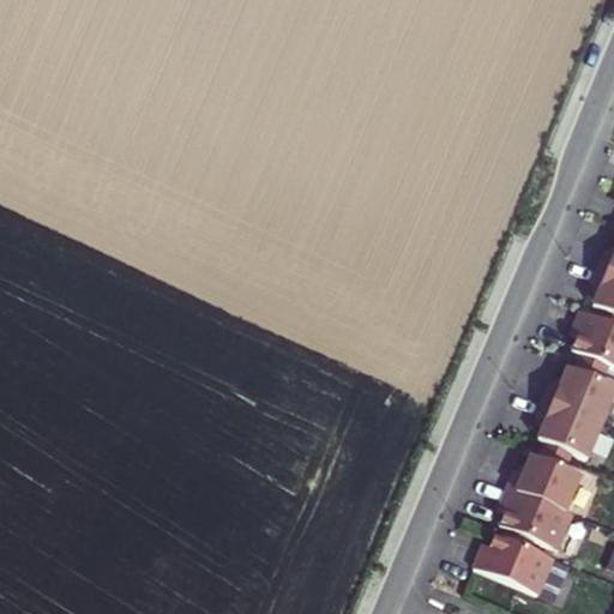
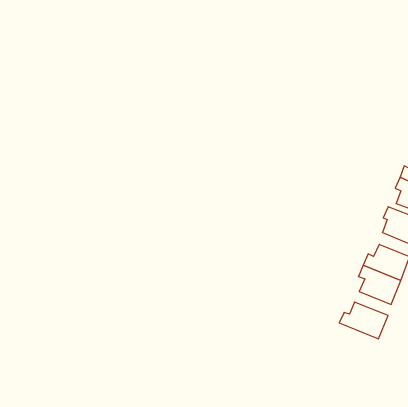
building: [502,483,574,546] -> none
building: [477,530,556,590] -> none

